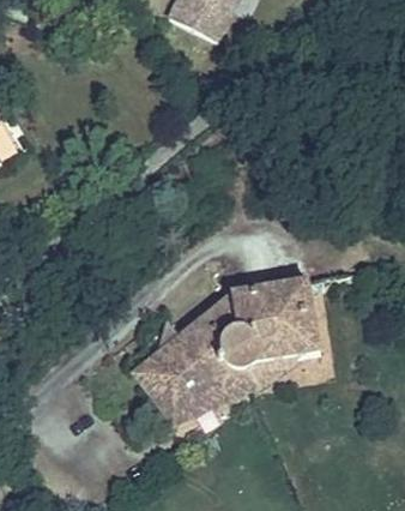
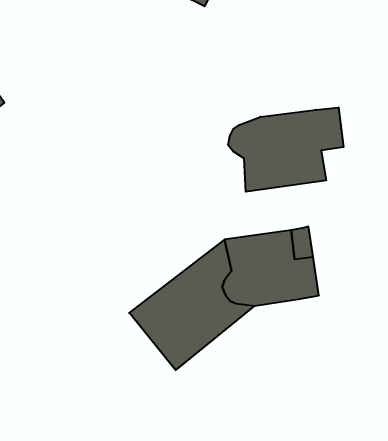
building: none -> [228,107,344,192]

